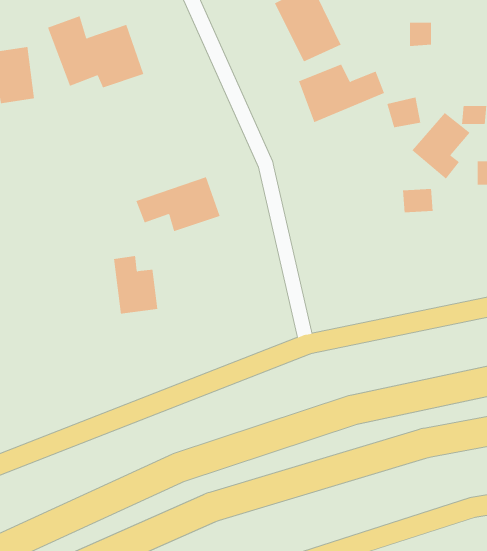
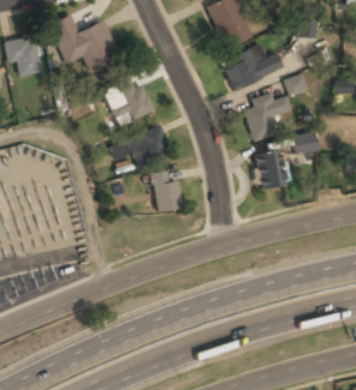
building: none -> [104,78,155,127]
building: [411,112,470,180] -> [241,92,282,139]
building: none -> [255,151,286,190]
building: [113,255,158,314] -> [152,172,183,212]

